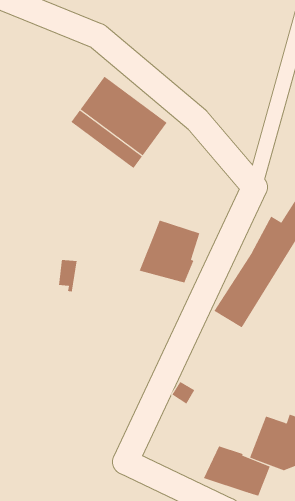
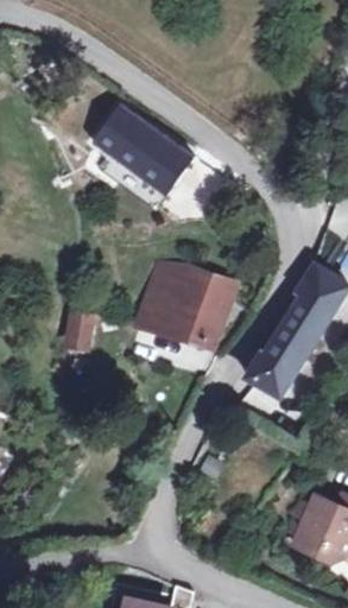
building: none -> [138,270,181,329]
building: [203,446,270,497] -> none

